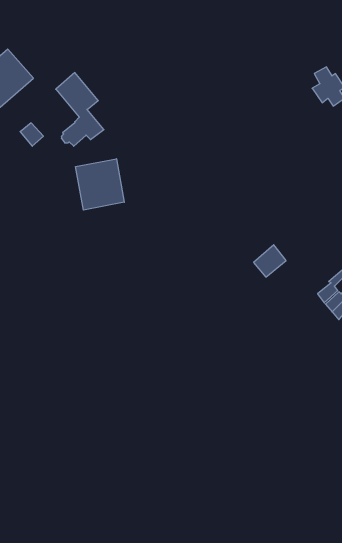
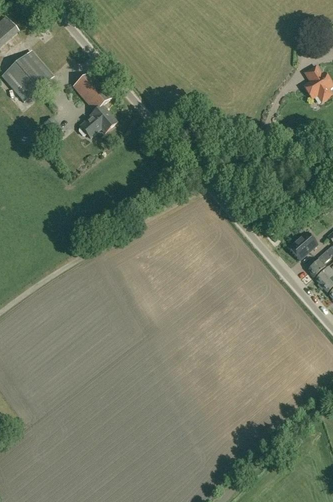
building: [76,159,124,210] -> none
building: [254,245,286,277] -> [289,231,318,260]

